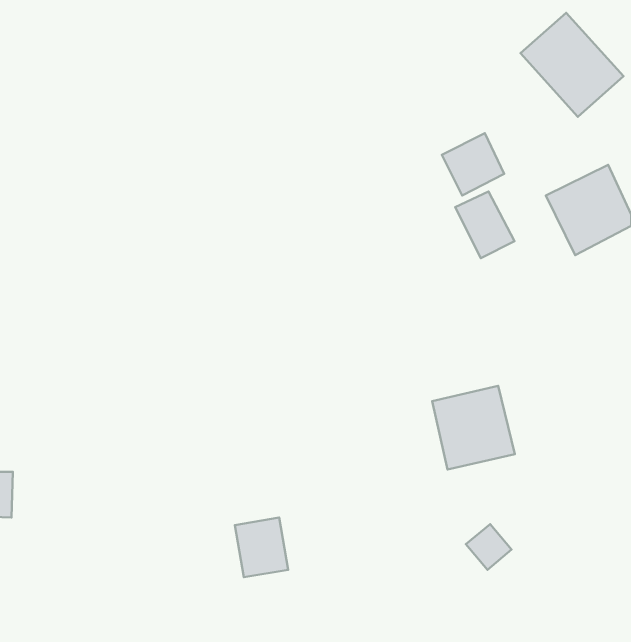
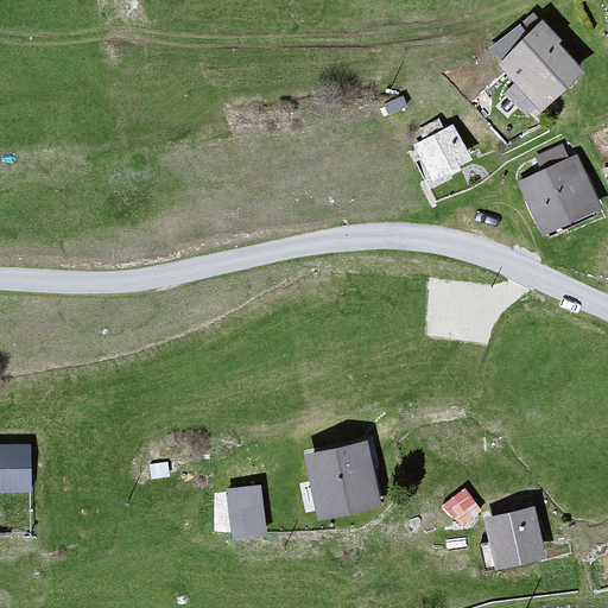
building: [455,191,515,258] -> none
building: [432,386,515,470] -> [309,442,386,520]
building: none -> [486,505,547,570]

